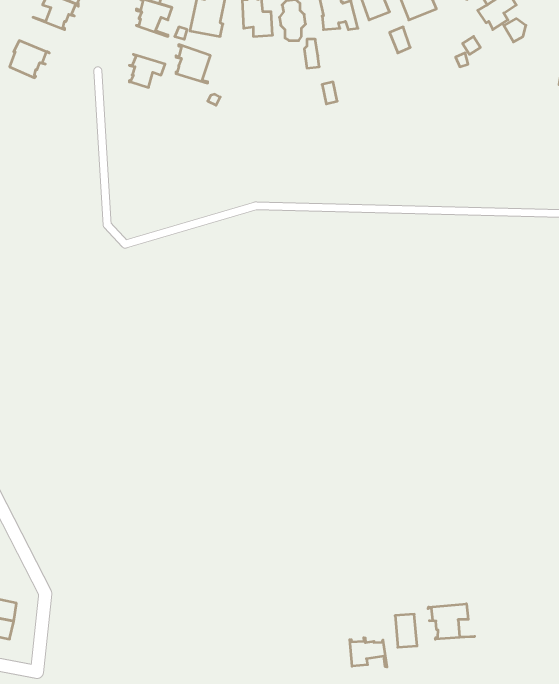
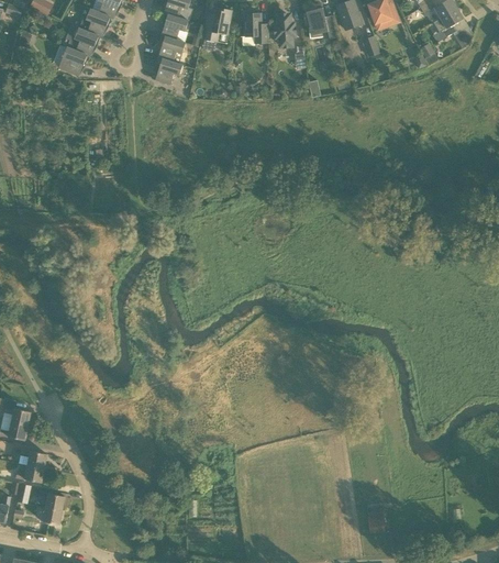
building: none -> [66,27,102,56]
building: [176,45,210,83] -> [157,34,185,65]
building: [428,604,475,639] -> none
building: [350,638,387,667] -> none

